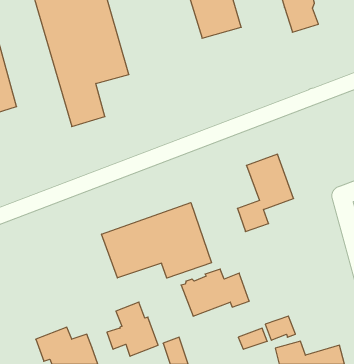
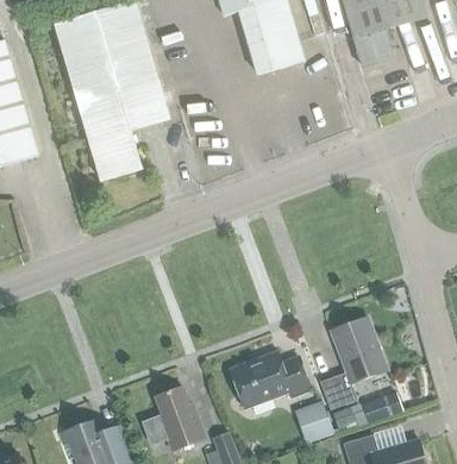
building: [237,154,294,232] -> [319,316,386,408]
building: [102,203,212,278] -> none
building: none -> [361,391,401,422]

